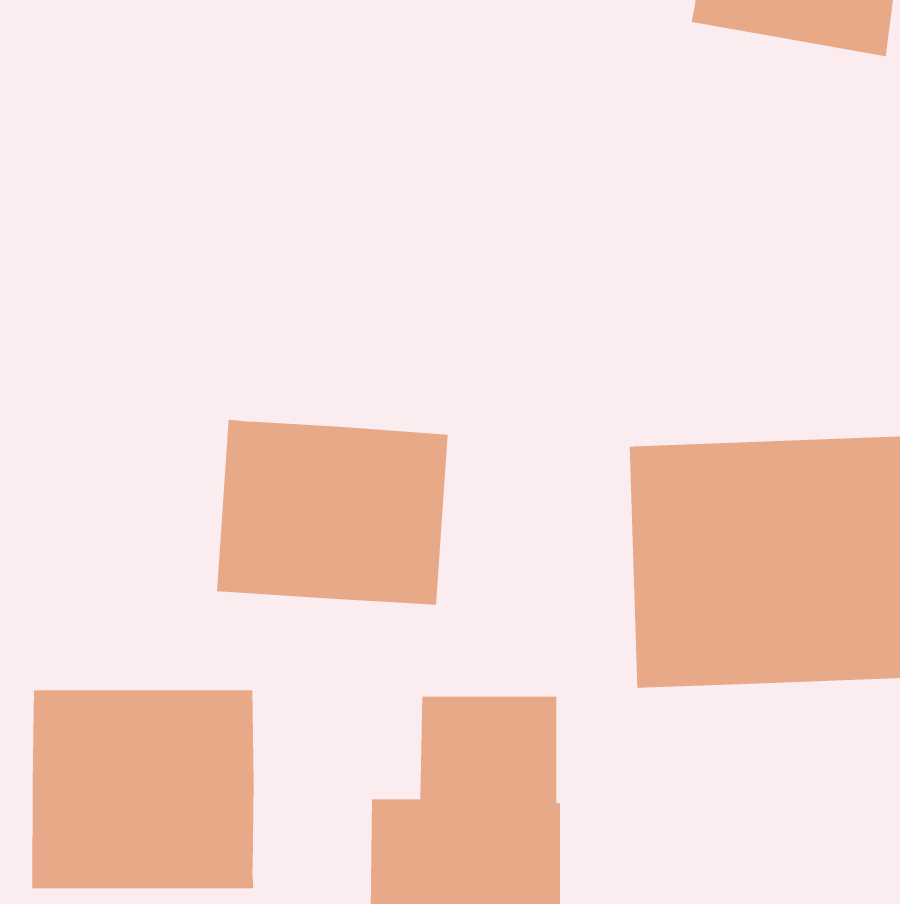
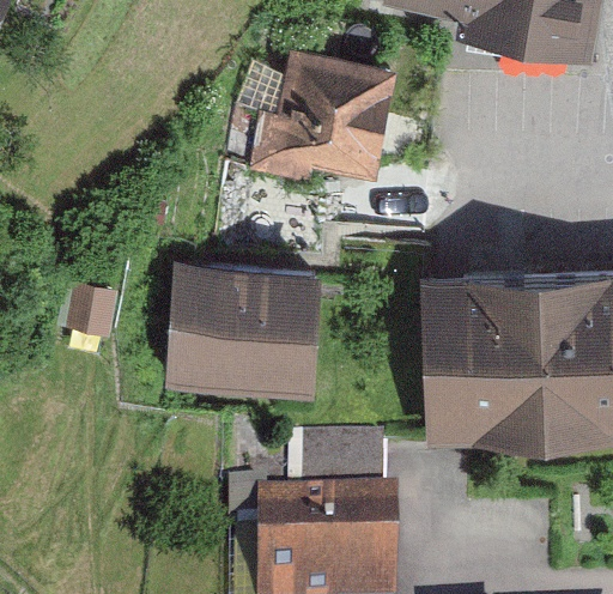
building: none -> [227,57,387,177]
building: [32,689,254,889] -> none

